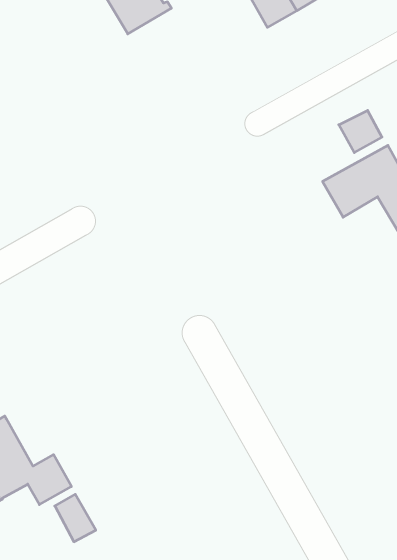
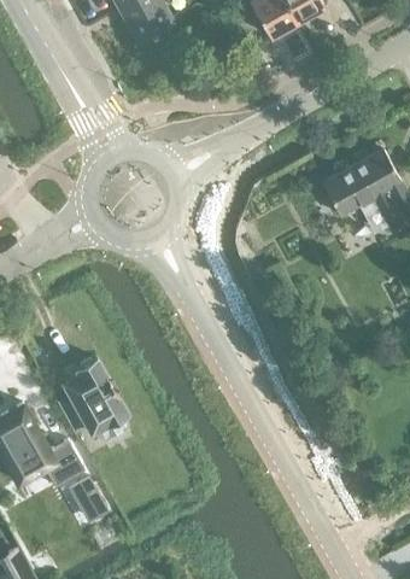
building: [339,110,382,153] -> none
building: none -> [59,358,125,438]

